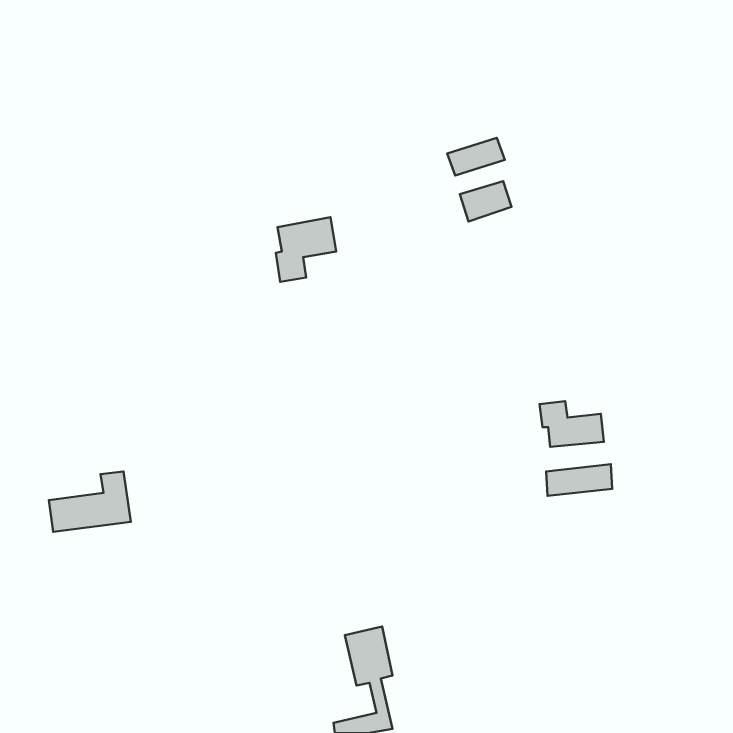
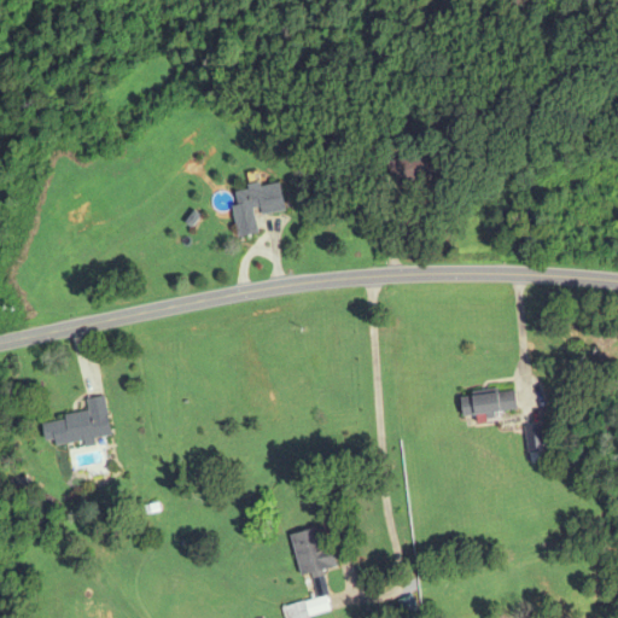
building: [447,138,505,175] -> none
building: [539,401,604,447] -> none

